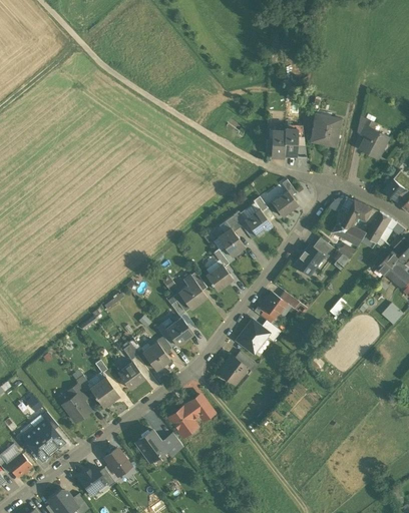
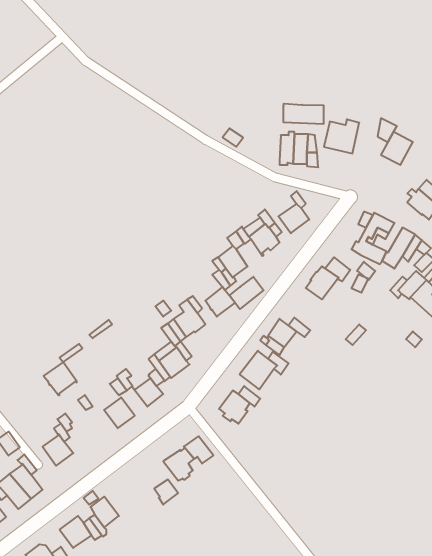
building: none -> [284,104,324,124]
building: none -> [230,277,264,309]
building: [89,379,118,408] -> [44,362,77,395]
building: [135,431,165,461] -> none

